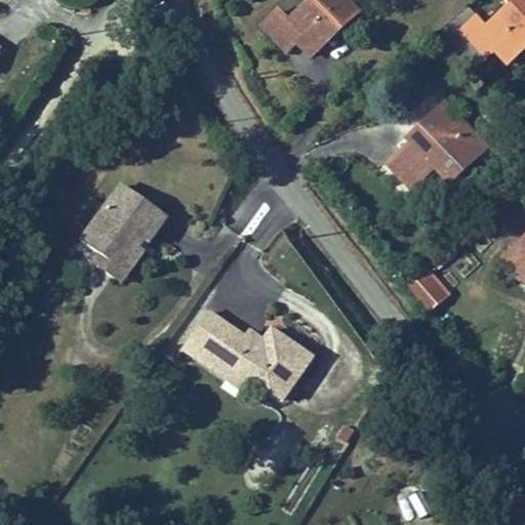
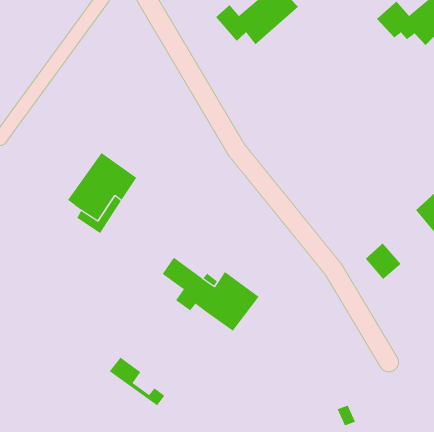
building: [385,99,491,192] -> none
building: [409,267,453,312] -> [365,243,401,280]
building: [183,330,250,390] -> [109,357,165,406]

